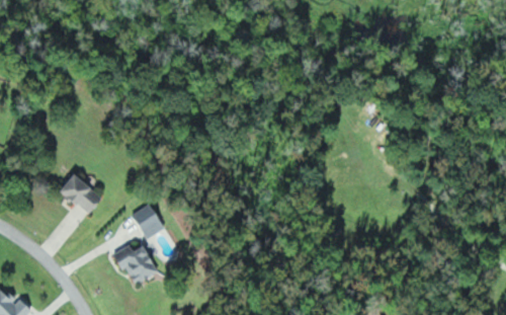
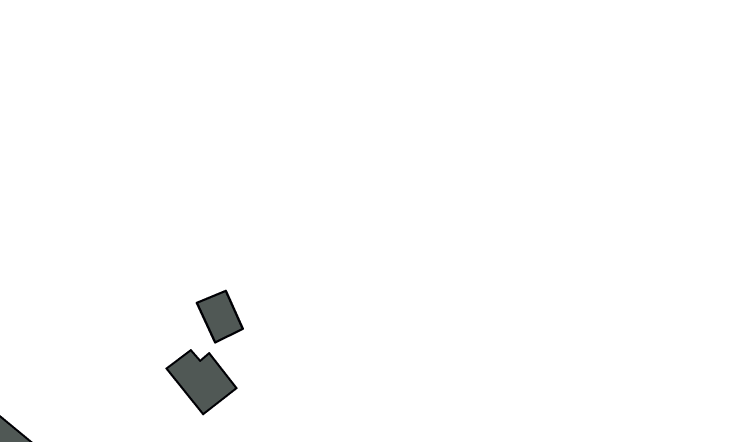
building: [60,173,101,214] -> none

